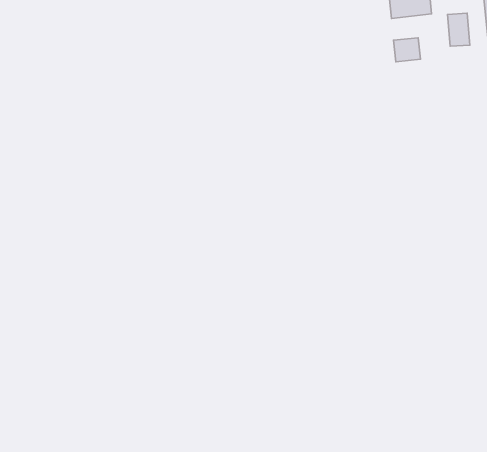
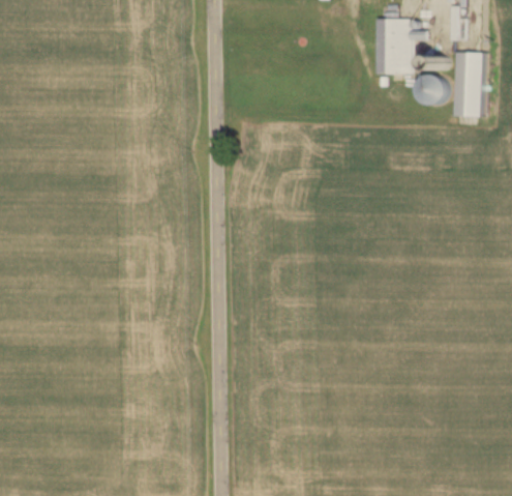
building: [393,38,421,62] -> none

